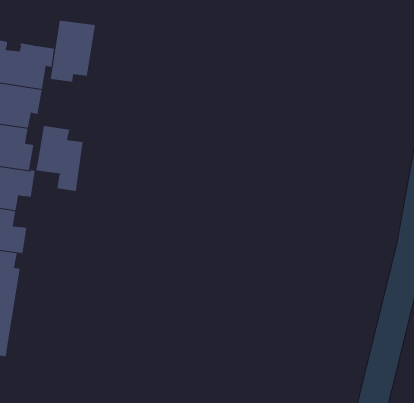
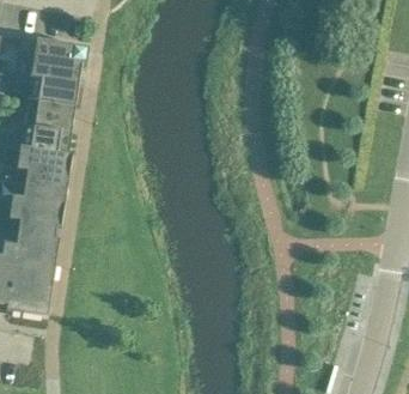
building: [50,20,96,83] -> none
building: [35,125,83,192] -> none

